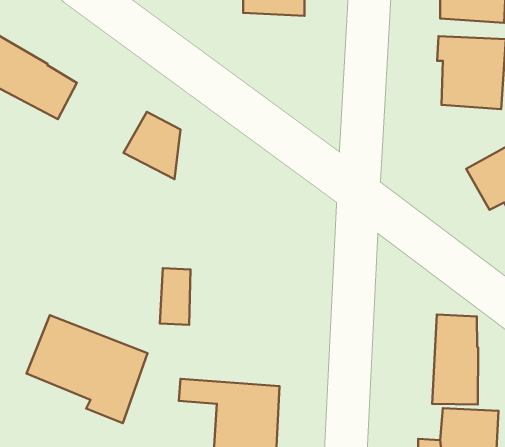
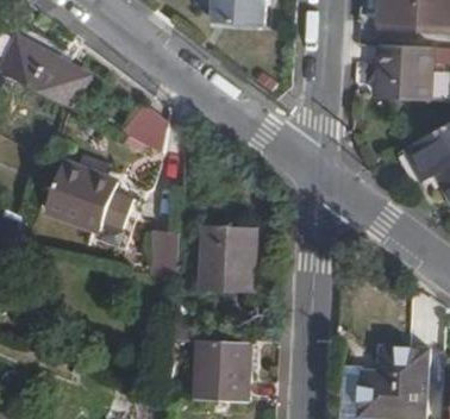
building: none -> [198,223,252,288]
building: [432,314,478,405] -> none
building: [26,315,147,423] -> [43,169,142,257]

